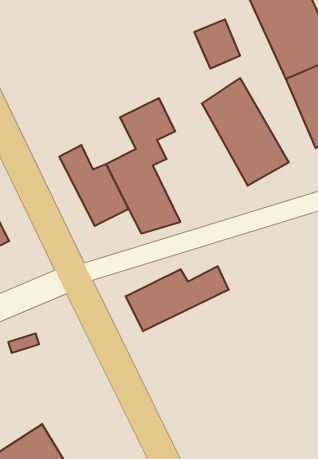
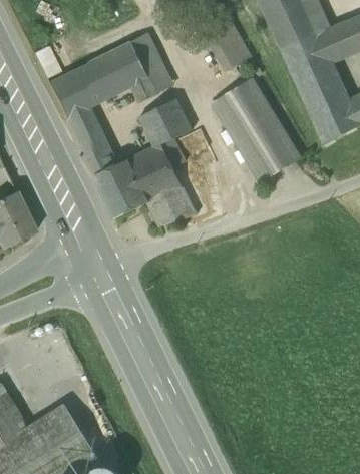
building: none -> [47,33,173,140]
building: [126,266,229,331] -> none

